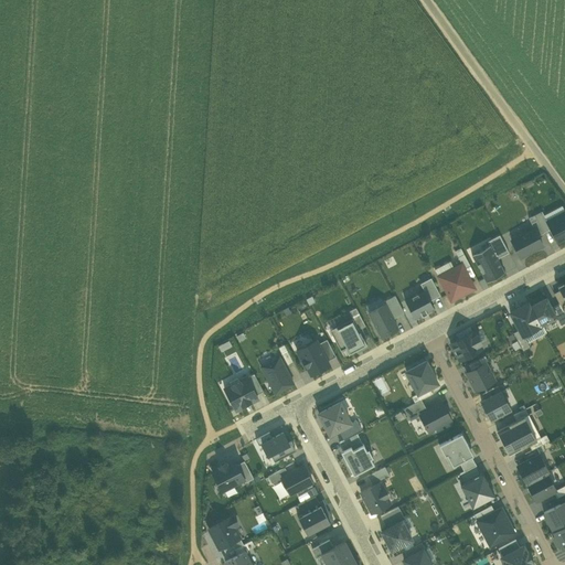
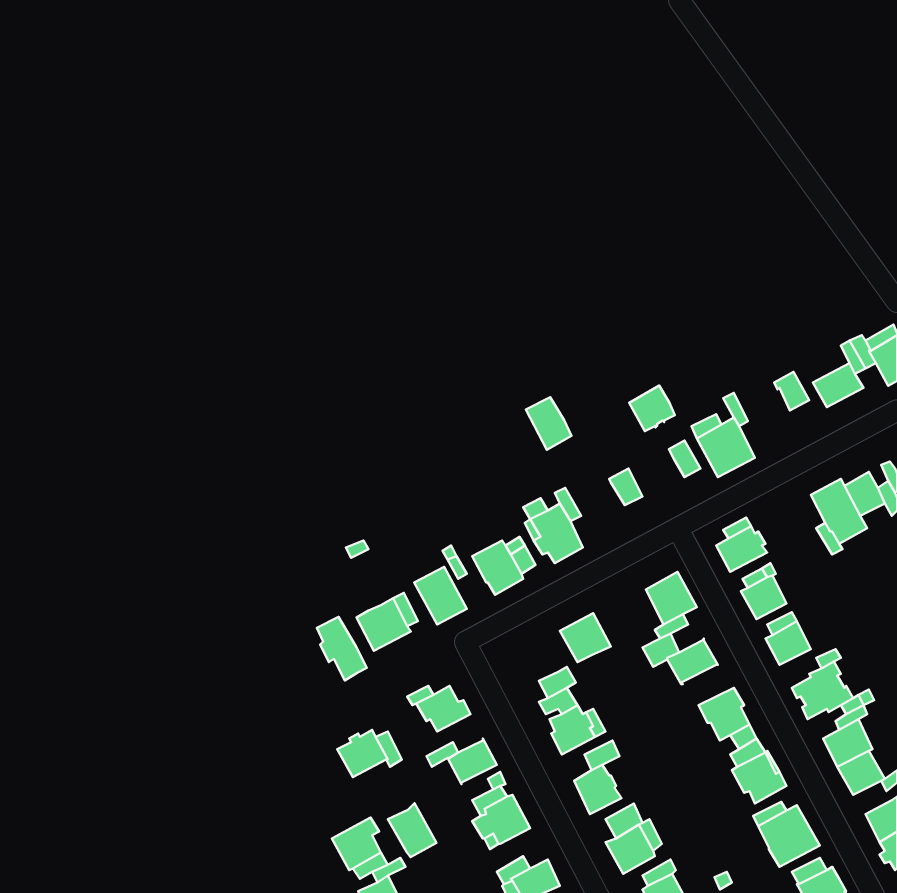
building: [471,246,504,284] -> none
building: [405,291,434,320] -> [629,385,675,431]
building: [369,306,397,339] -> [526,397,571,450]
building: none -> [317,617,367,681]
building: [319,404,351,435] -> [560,613,611,662]
building: none -> [388,803,437,857]

